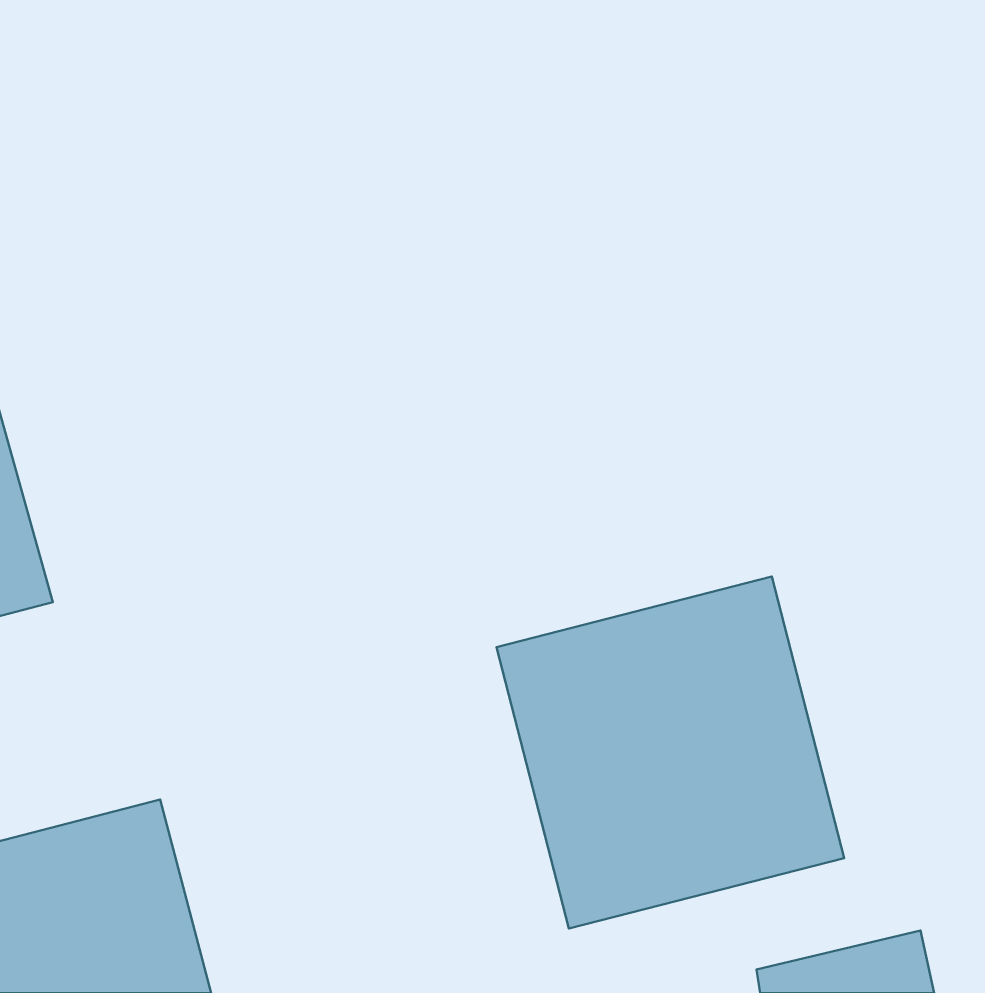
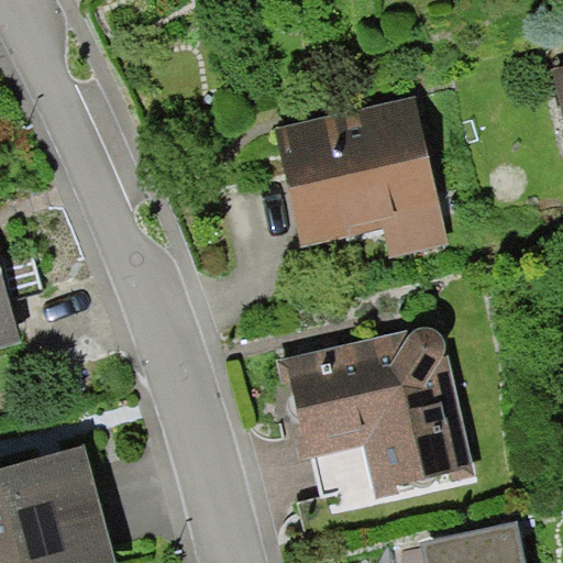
building: none -> [271,90,446,261]

